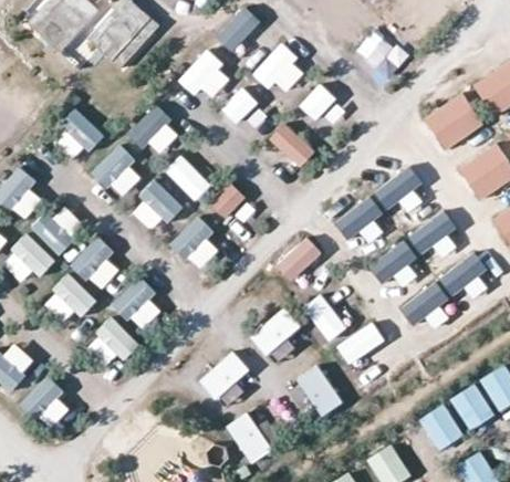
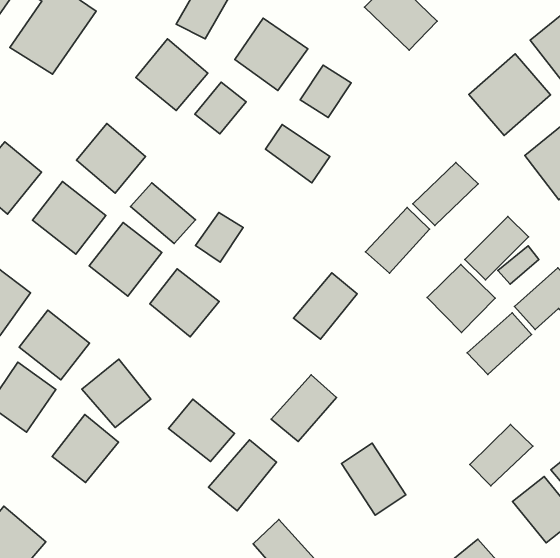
building: [303,293,346,342] -> none
building: none -> [169,399,234,462]
building: [336,322,384,365] -> [470,425,533,486]

